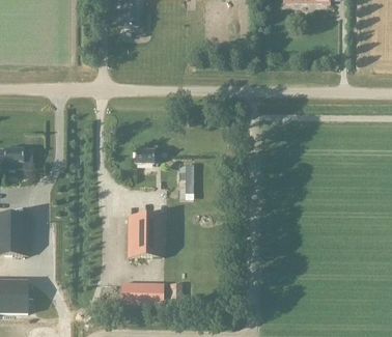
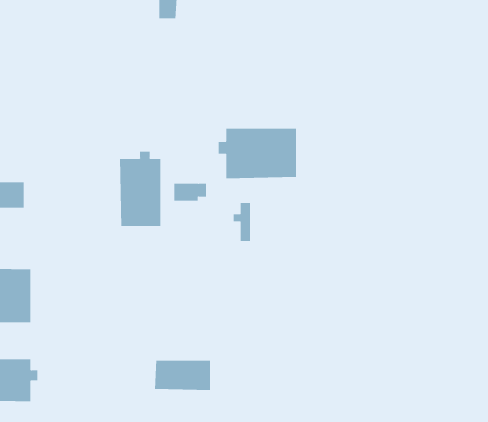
building: none -> [218,128,296,179]
building: none -> [120,151,161,227]
building: [128,215,164,256] -> none

